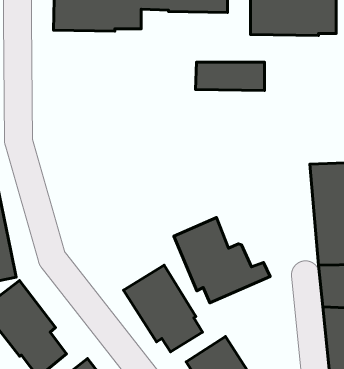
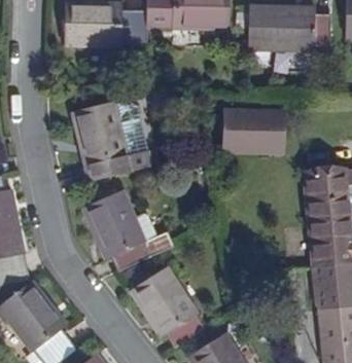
building: [195,62,264,91] -> [222,122,287,149]
building: none -> [71,100,150,182]
building: [174,217,270,303] -> [82,190,173,270]

